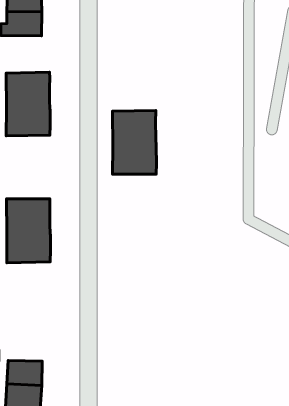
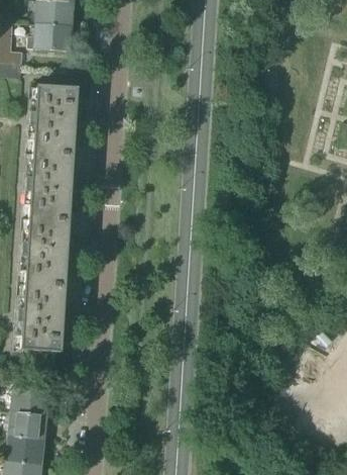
building: [112,110,156,174] -> [24,151,74,219]
building: none -> [16,283,66,351]

